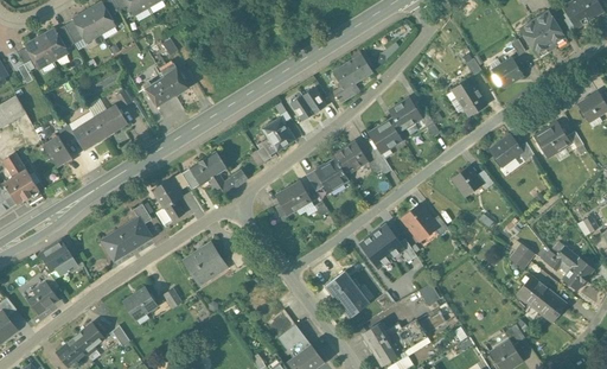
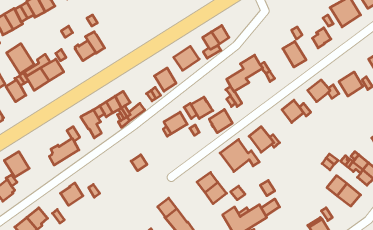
building: none -> [7,44,34,74]
building: [333,140,368,174] -> [209,109,232,133]
building: [183,242,226,284] -> none

